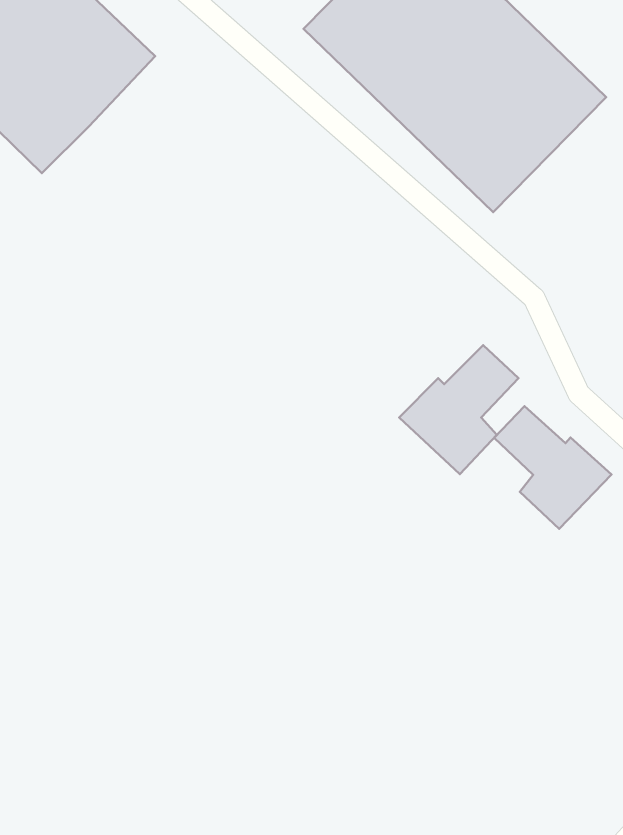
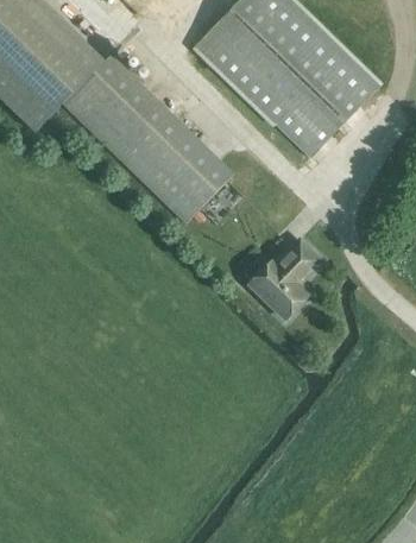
building: none -> [64,56,232,221]
building: [494,406,612,529] -> none

